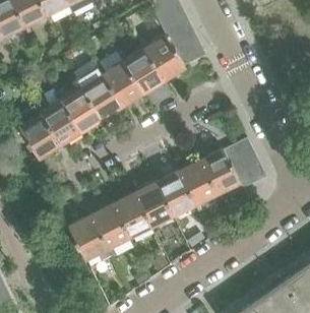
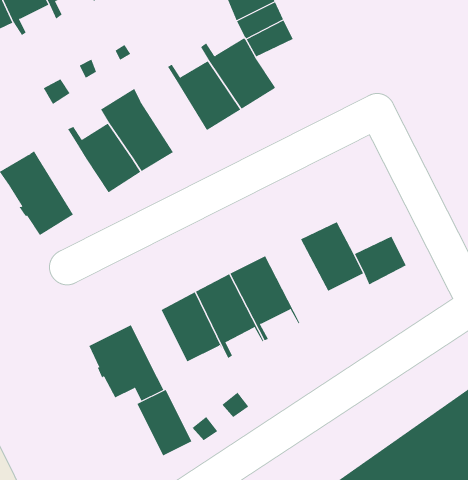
building: [172,35,204,64] -> none
building: [97,60,141,105] -> none
building: [35,99,80,143] -> none
building: [223,136,256,168] -> none
building: [178,159,216,210] -> none
building: [95,202,129,244] -> [137,389,192,456]

